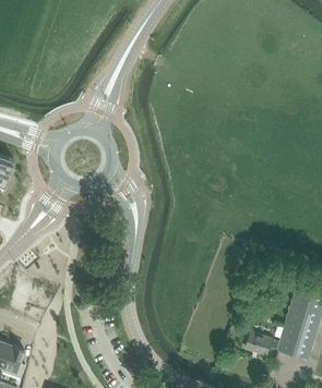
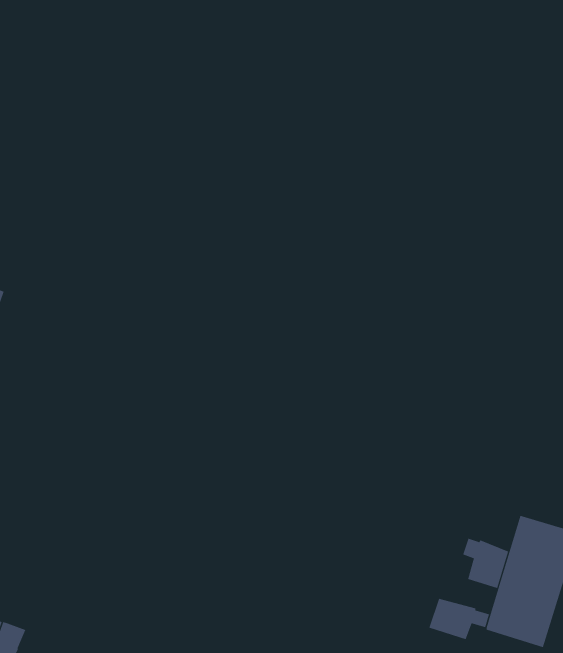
building: none -> [462,538,509,589]

